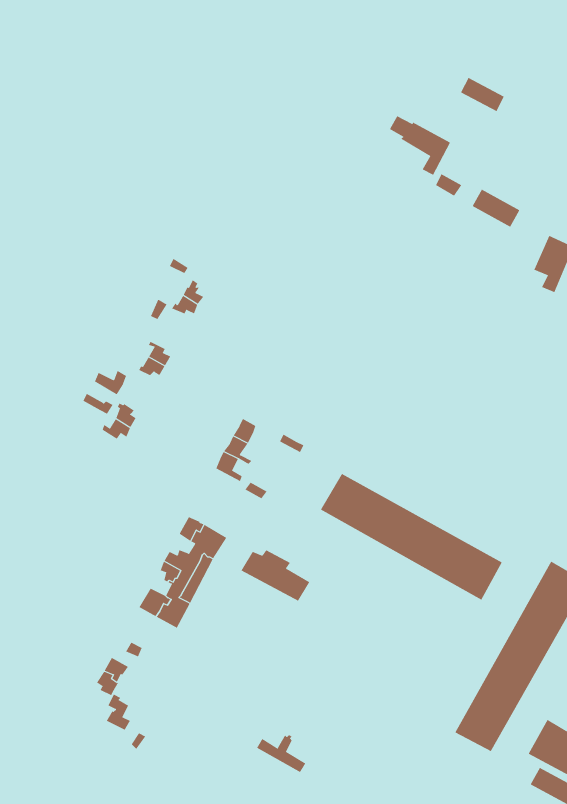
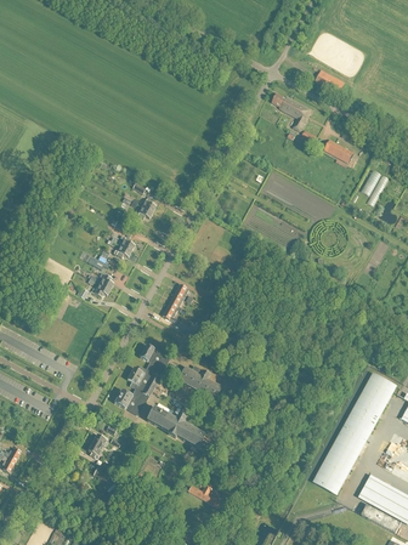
building: [320,473,502,601] -> none
building: none -> [146,407,203,448]

